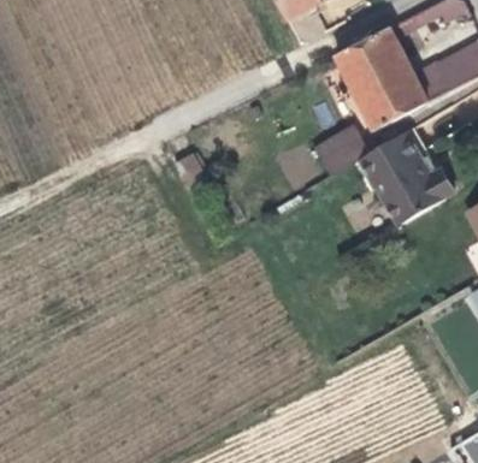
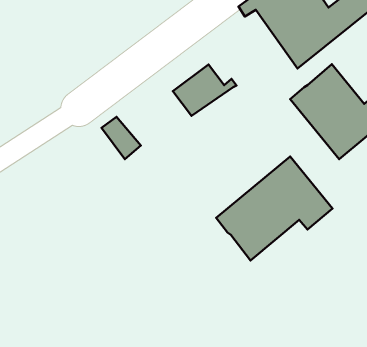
building: [317,125,380,173] -> [173,65,236,116]
building: none -> [216,157,333,260]

